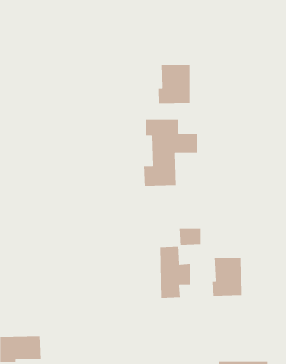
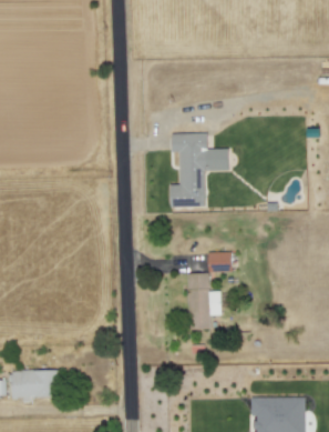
building: [158,64,190,104] -> none
building: [212,257,242,297] -> none

